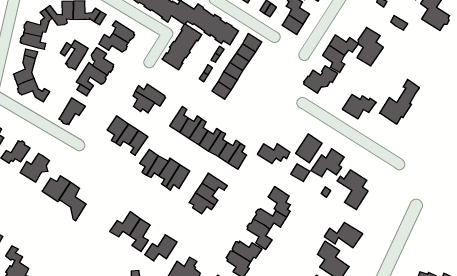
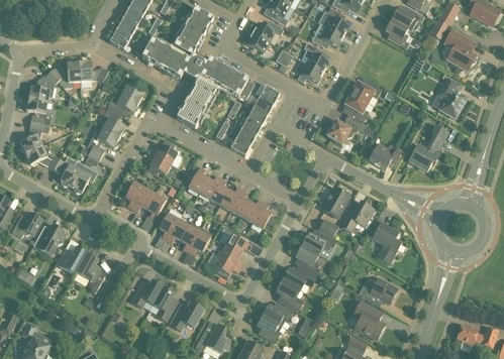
building: [357,27,383,66] -> [439,77,467,117]
building: [60,40,88,70] -> [54,155,83,187]
building: [257,144,290,164] -> [302,232,336,253]

